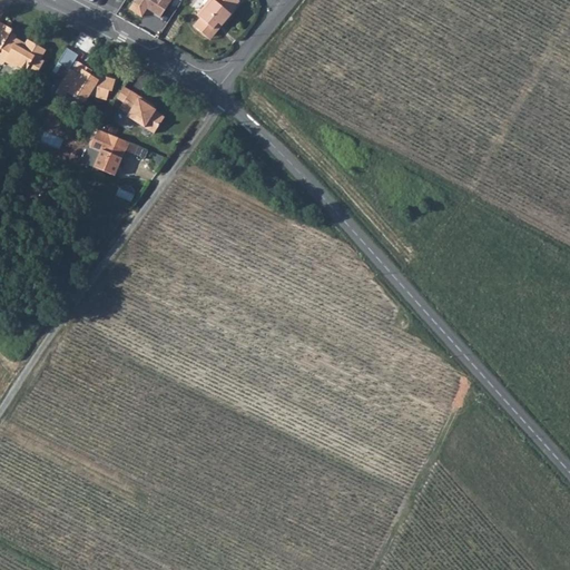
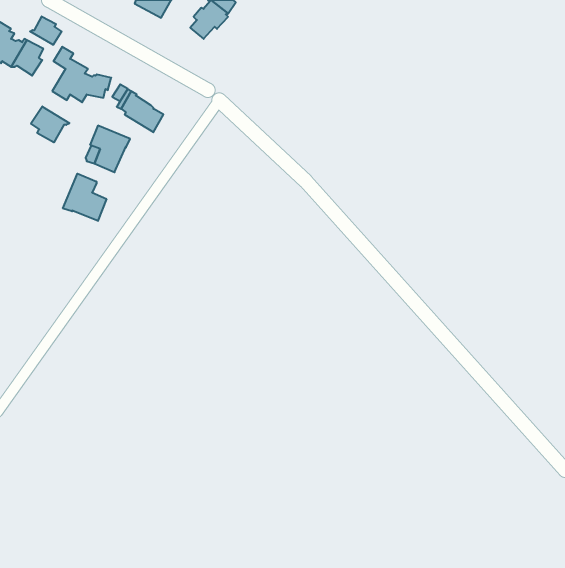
building: none -> [30,16,62,45]
building: none -> [31,106,69,142]
building: none -> [63,174,106,221]

